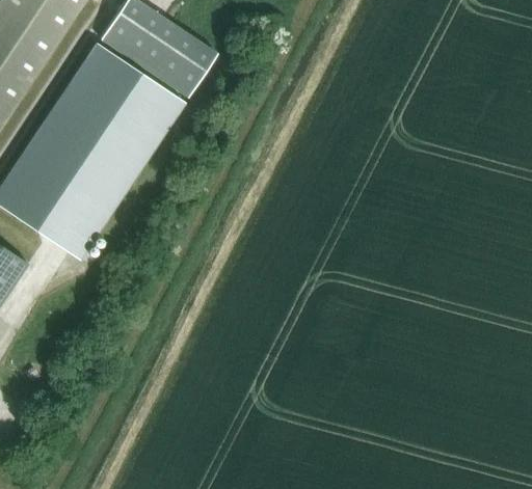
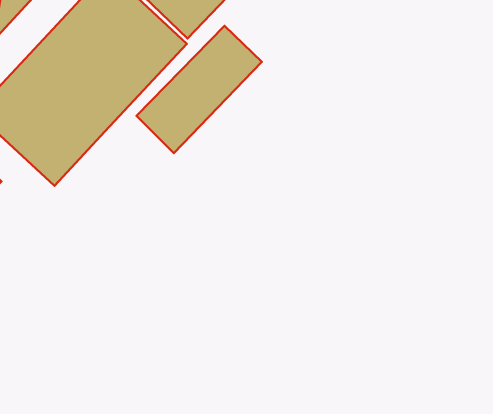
building: none -> [137,26,262,153]

